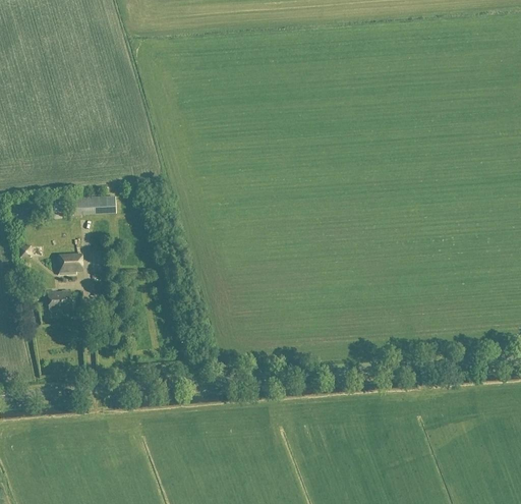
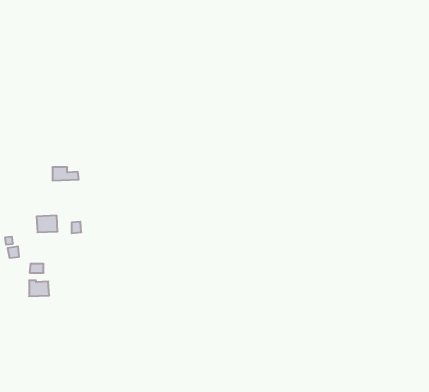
building: [50,290,73,309] -> [29,280,49,296]

